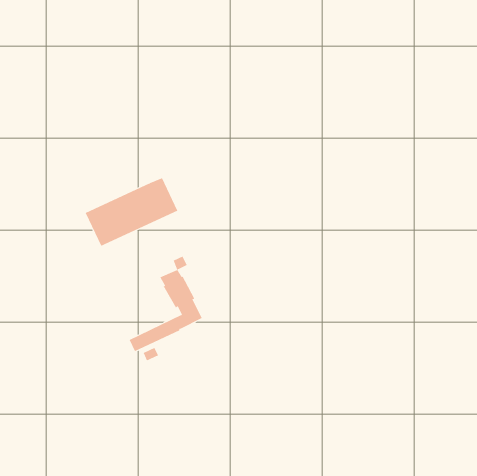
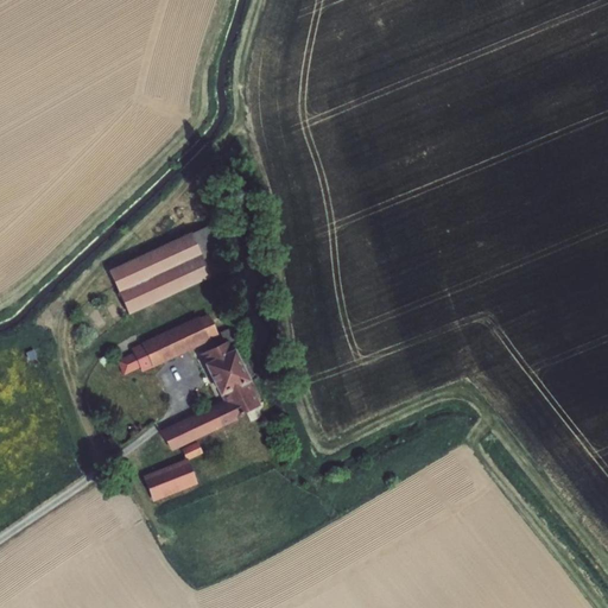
building: none -> [118,315,216,374]
building: none -> [145,462,195,496]

